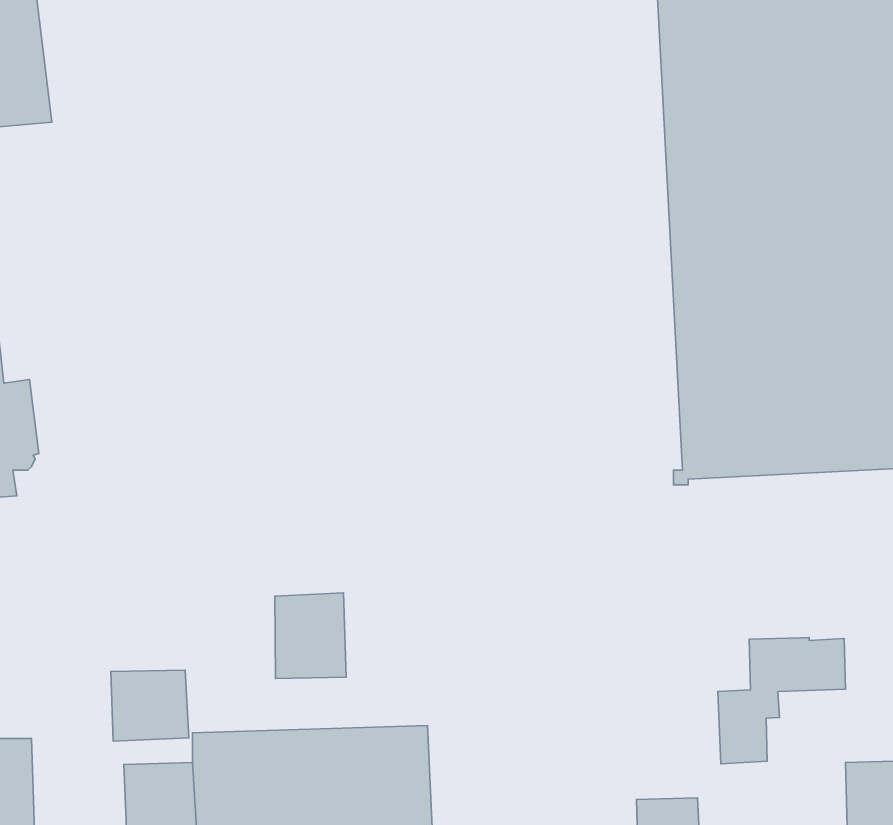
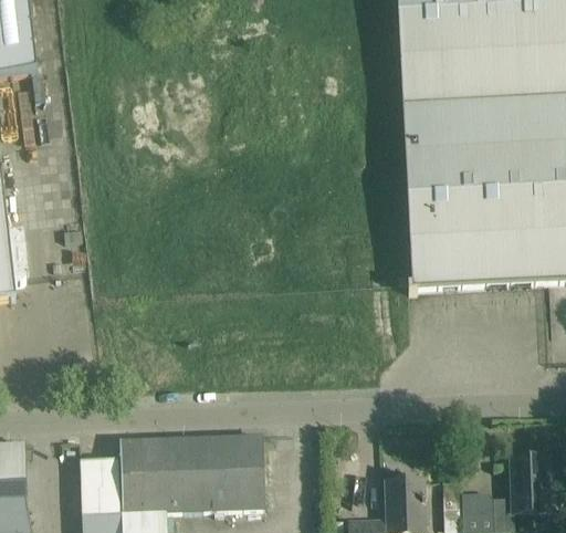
building: [275,593,346,679] -> none
building: [718,637,846,764] -> none
building: [111,670,189,741] -> none

